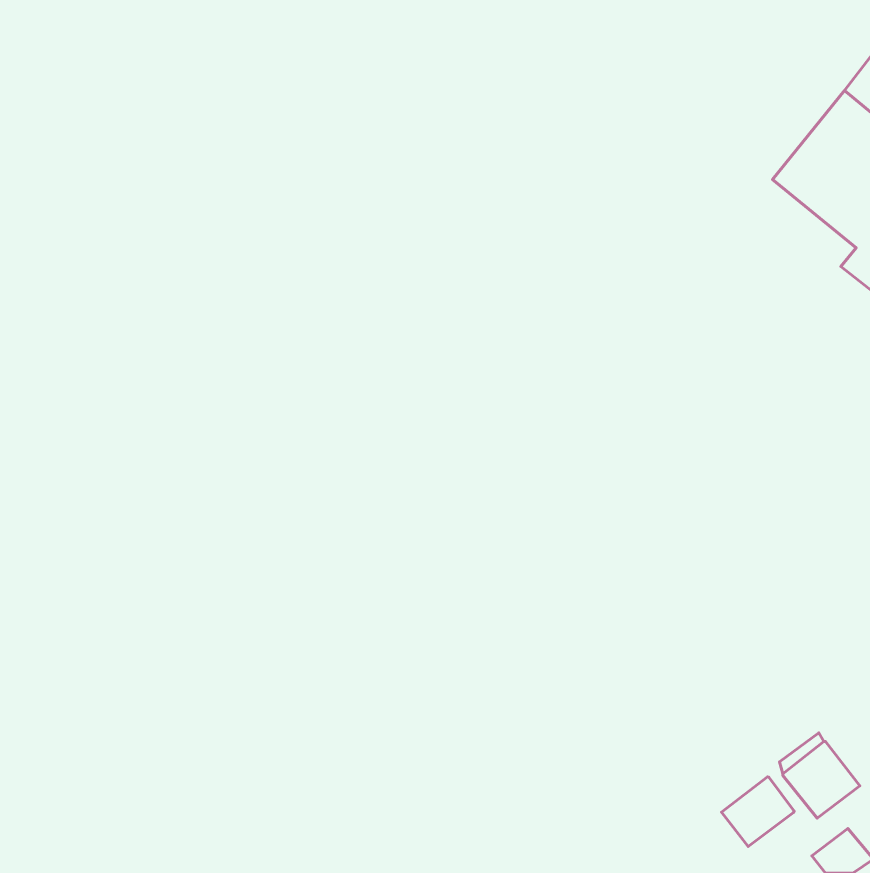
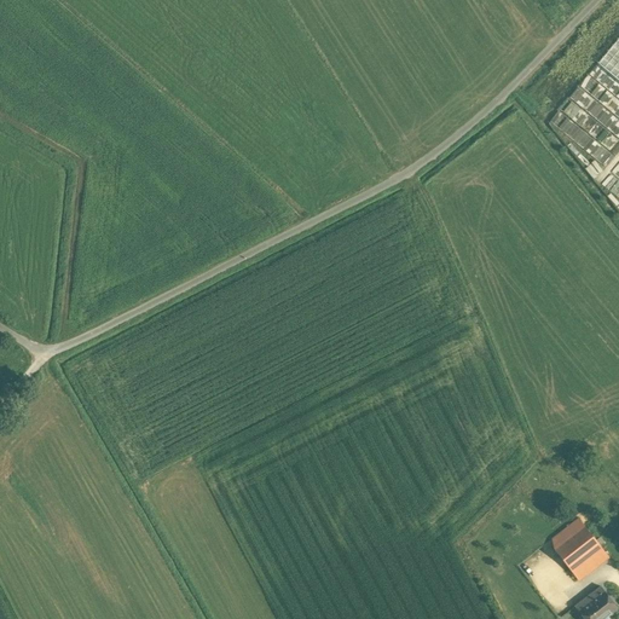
building: [721,777,794,846] -> none

